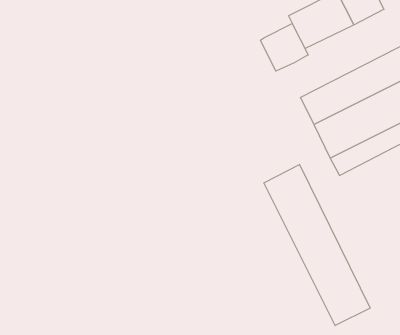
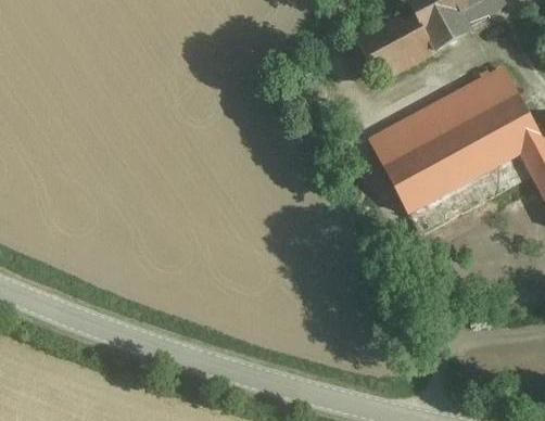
building: [260,23,308,71] -> none
building: [264,164,370,326] -> none

